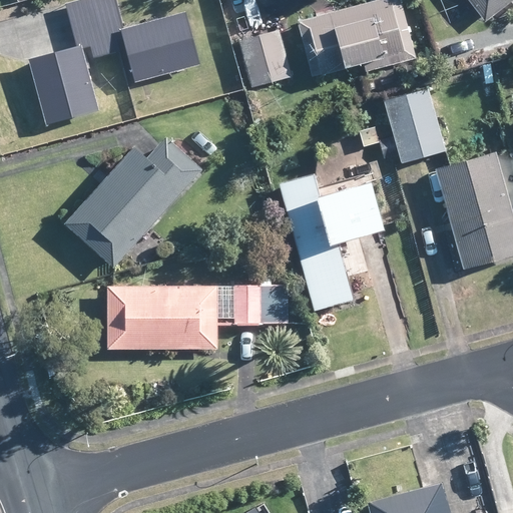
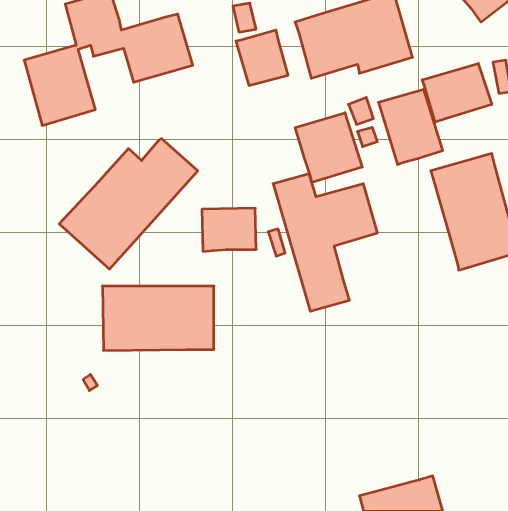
building: none -> [422,63,492,122]
building: none -> [295,113,362,183]
building: [234,284,289,327] -> [202,208,256,251]

